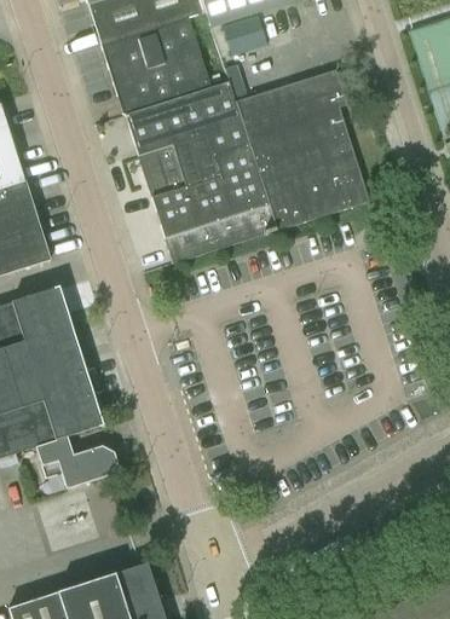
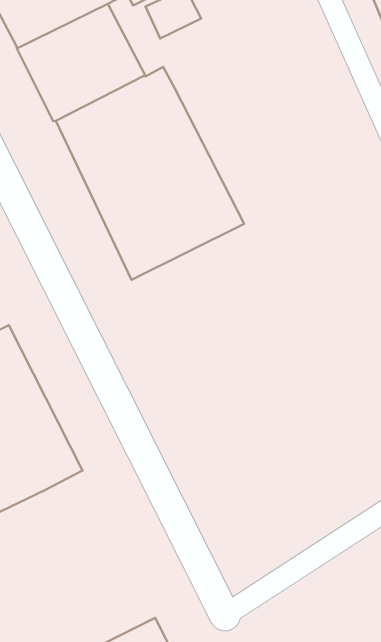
building: [235,69,368,230] -> none
building: [34,436,114,488] -> none

